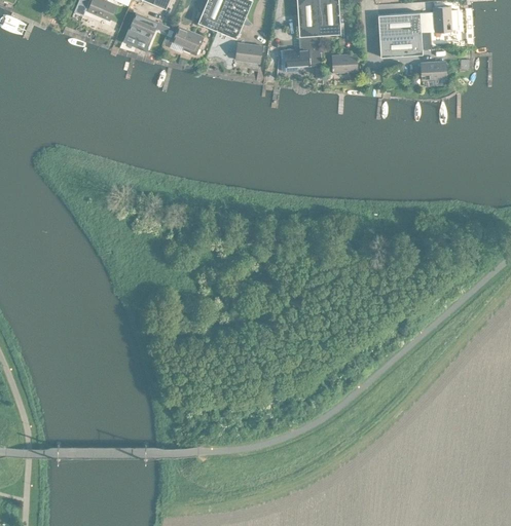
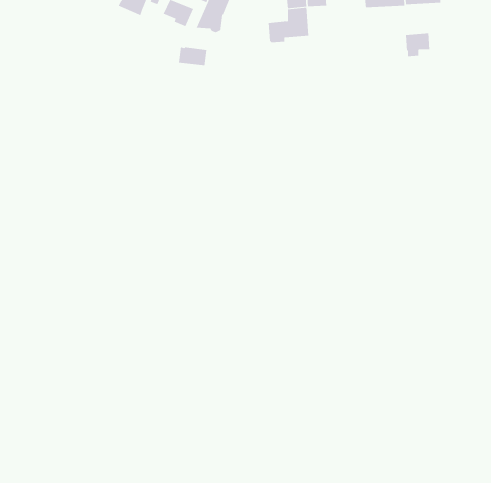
building: [379,33,423,57] -> none
building: [231,42,261,62] -> [178,47,207,66]
building: [332,53,357,72] -> none

